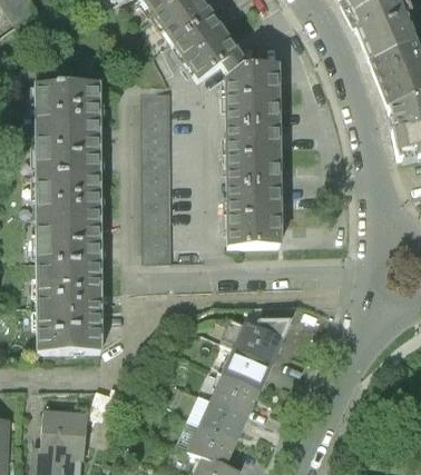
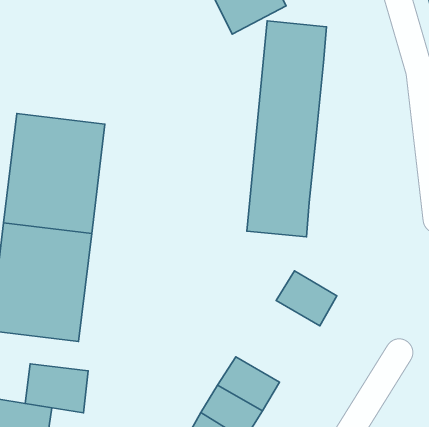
building: [140,70,175,256] -> none
building: [27,77,101,168] -> none
building: [234,321,284,365] -> [276,271,337,326]
building: none -> [25,364,88,413]

